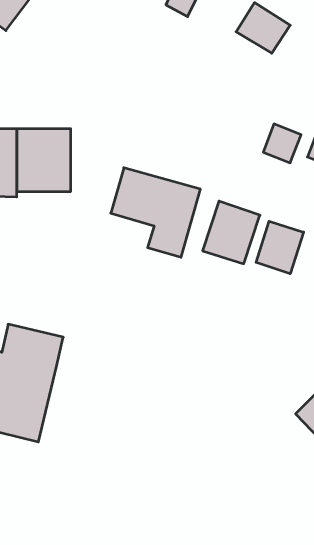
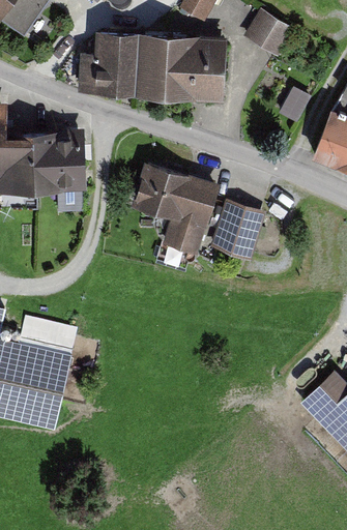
building: none -> [80,32,223,101]
building: [263,124,301,163] -> [278,85,314,122]
building: [256,221,304,274] -> none

